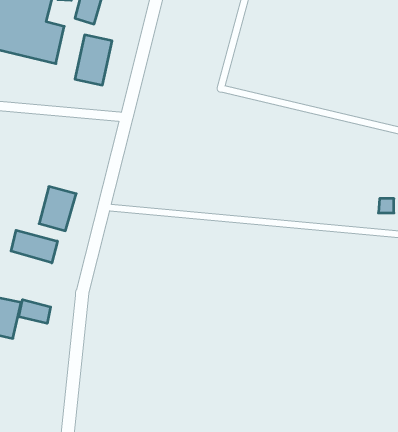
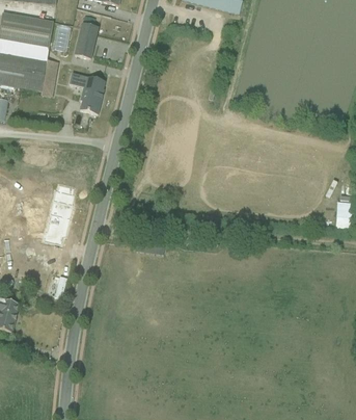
building: [11,230,57,263] -> none
building: [19,300,51,323] -> none

